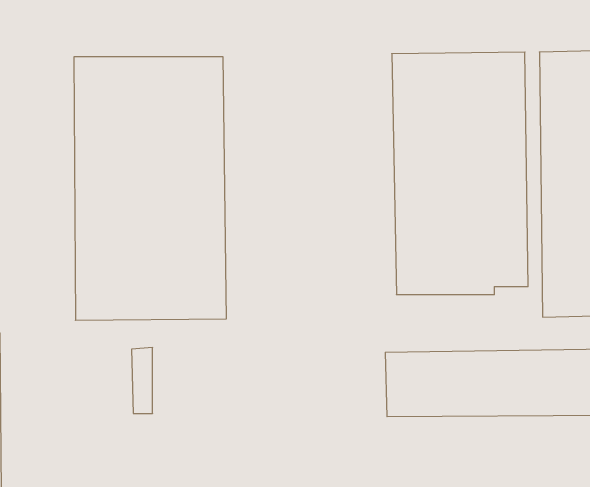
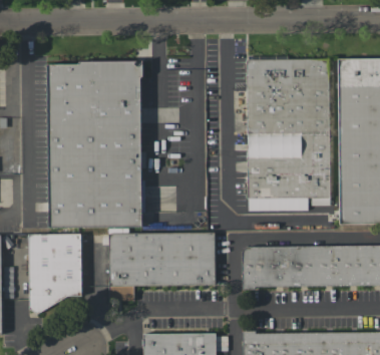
building: none -> [109,226,216,301]
building: none -> [28,234,82,307]

